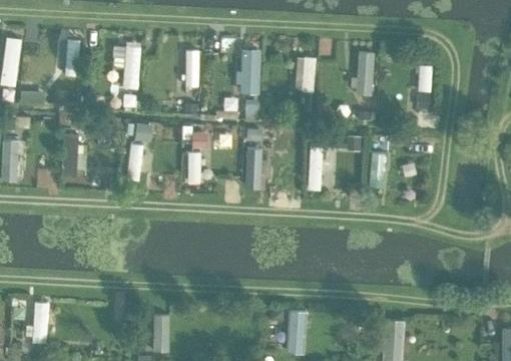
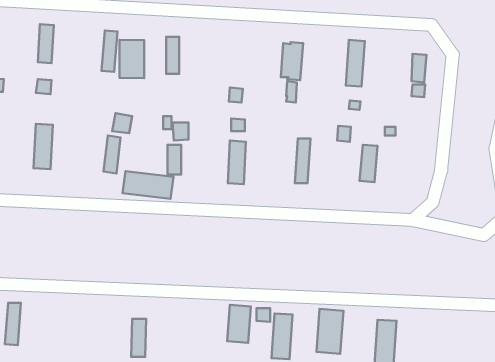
building: [240,46,259,91] -> none
building: none -> [119,40,144,78]
building: none -> [122,171,173,199]
building: none -> [227,305,251,343]
building: none -> [316,309,343,354]

